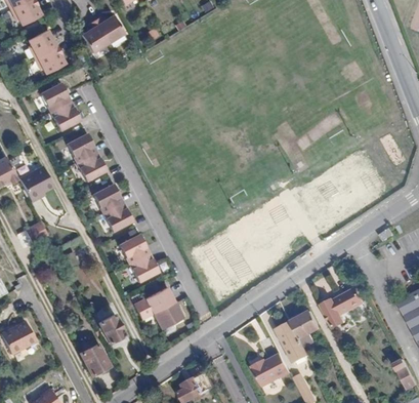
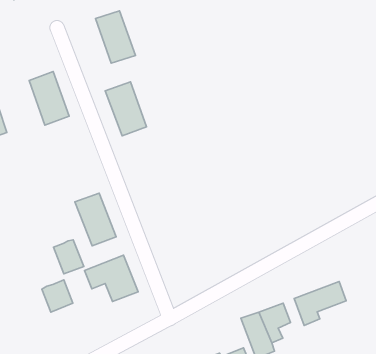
building: [39,81,78,128] -> [95,11,135,63]
building: [91,183,131,231] -> [105,82,146,136]
building: none -> [53,240,84,274]
building: [80,345,109,376] -> none

